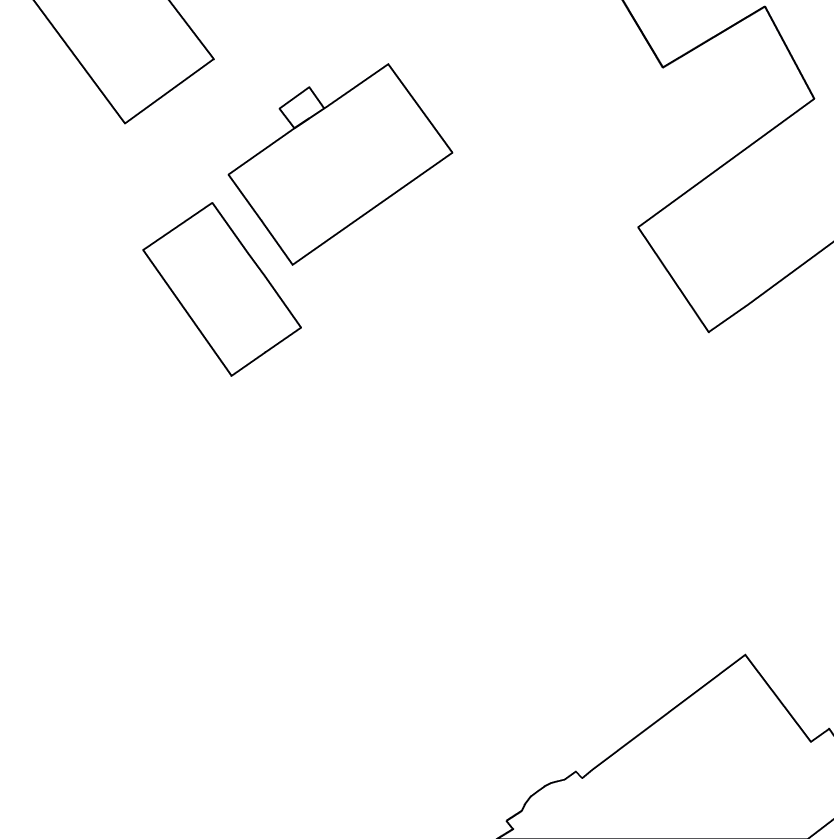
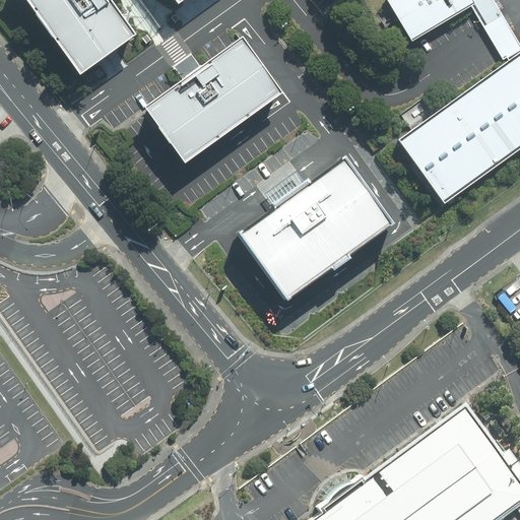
building: [143,203,301,376] -> none
building: none -> [239,158,395,302]

